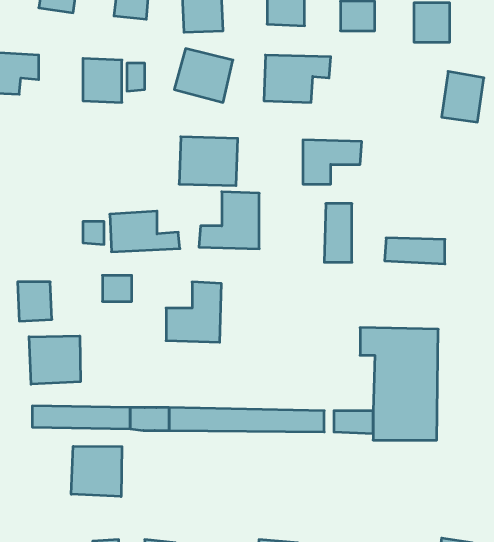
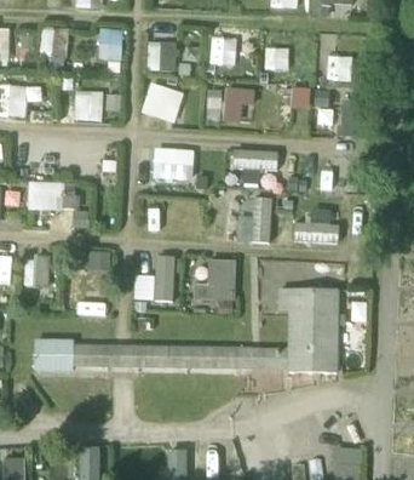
building: [199,192,259,249] -> [192,258,237,301]
building: [110,211,180,252] -> [28,181,80,211]
building: [29,336,80,384] -> none
building: [71,446,122,497] -> none

